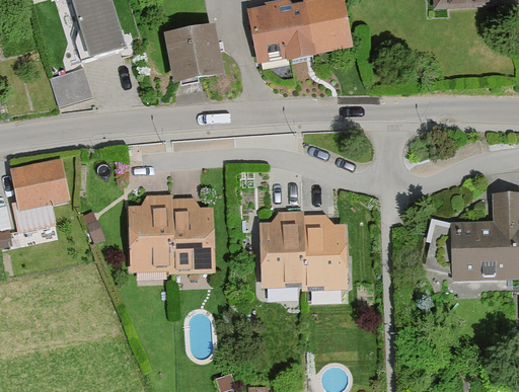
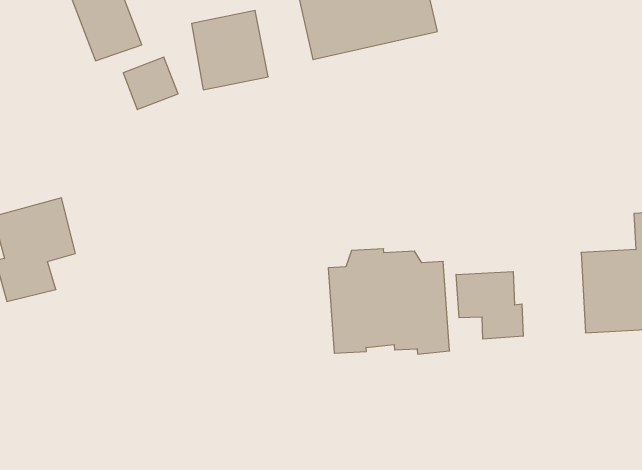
building: [49,69,89,107] -> [123,57,178,110]
building: [127,194,214,275] -> none
building: none -> [456,272,523,339]

